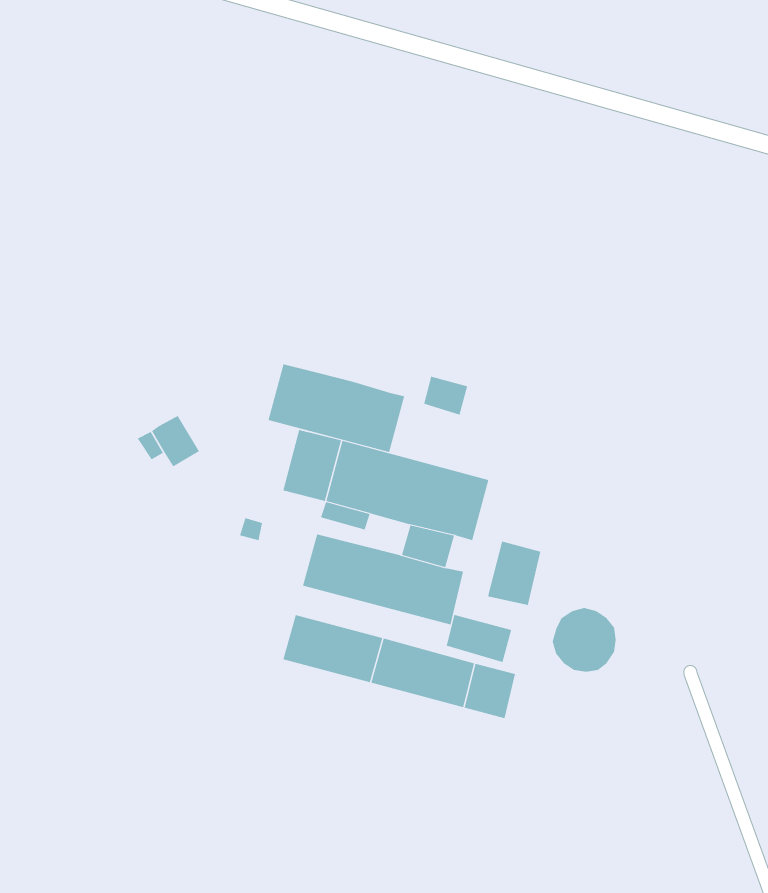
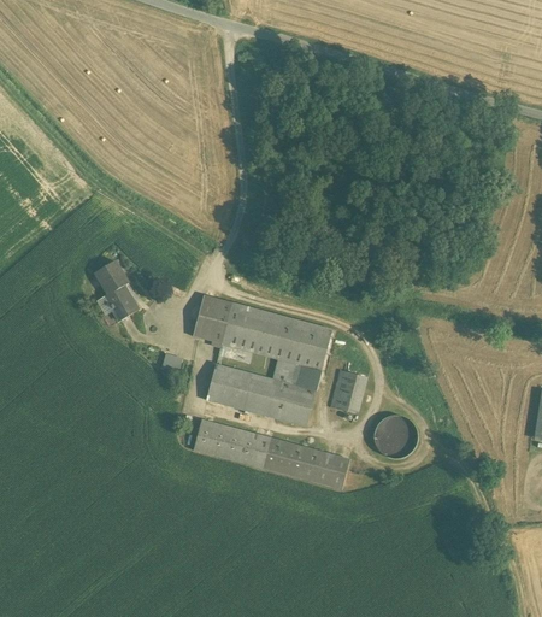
building: [268,363,405,453] -> none
building: [423,376,468,416] -> none
building: none -> [94,260,128,292]
building: [446,614,512,663] -> none

